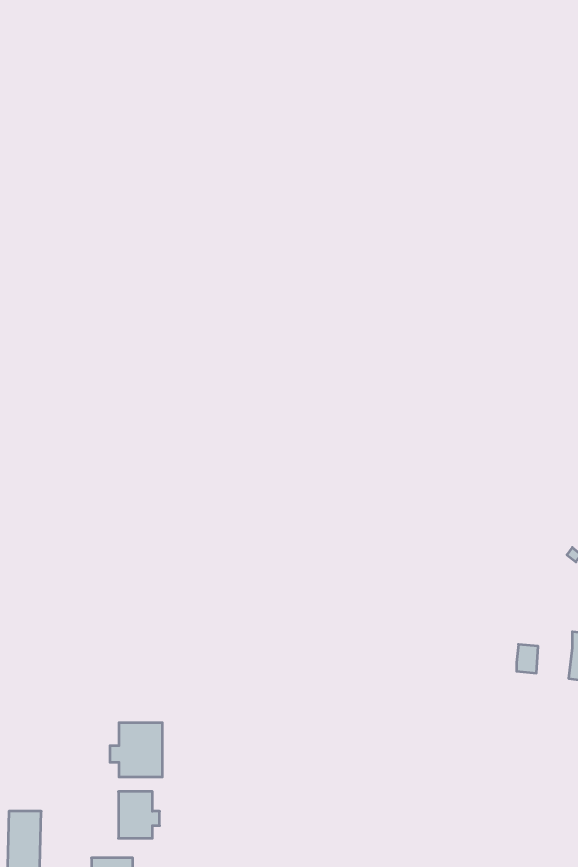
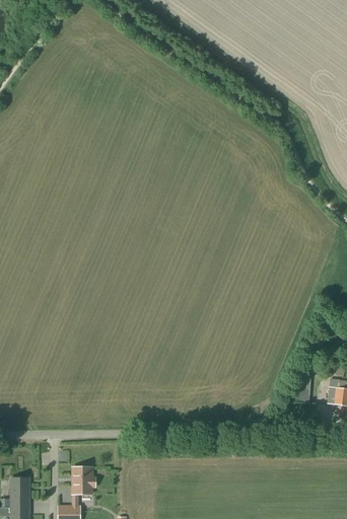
building: [110,723,162,777] -> none

